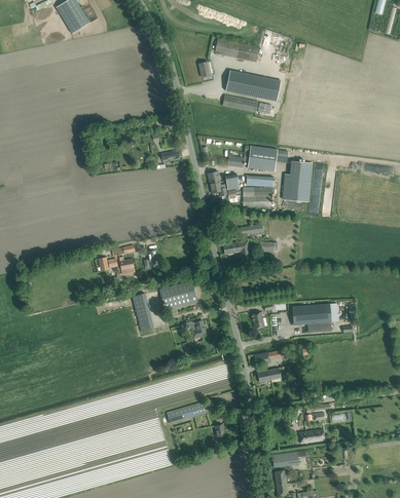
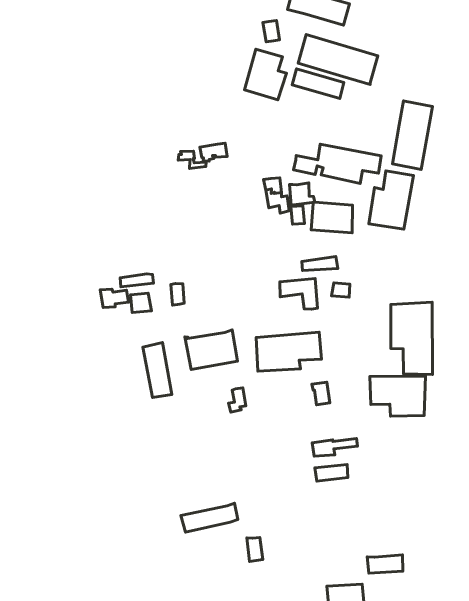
building: none -> [244,49,287,100]
building: none -> [392,101,432,170]
building: none -> [391,302,433,374]
building: none -> [256,332,321,371]

